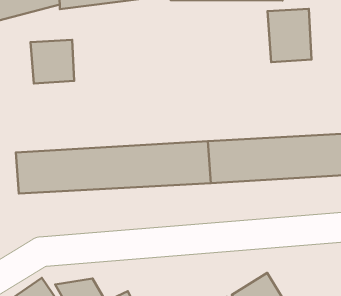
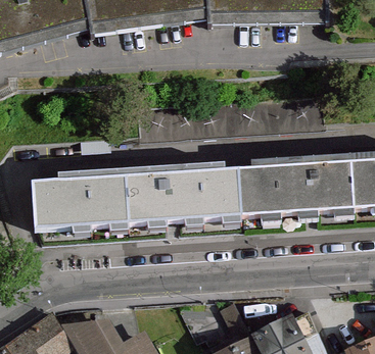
building: [268,9,311,62] -> none
building: [31,40,74,84] -> none

